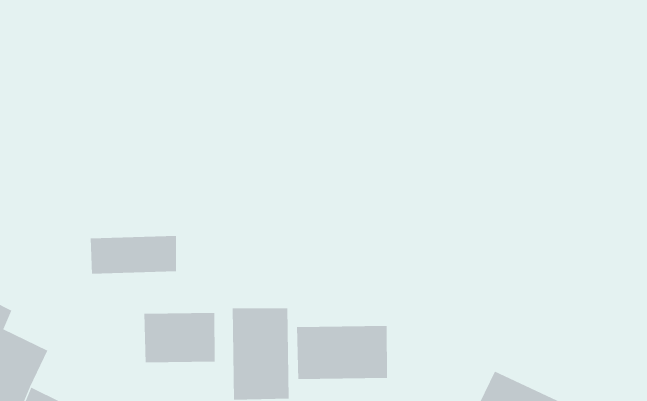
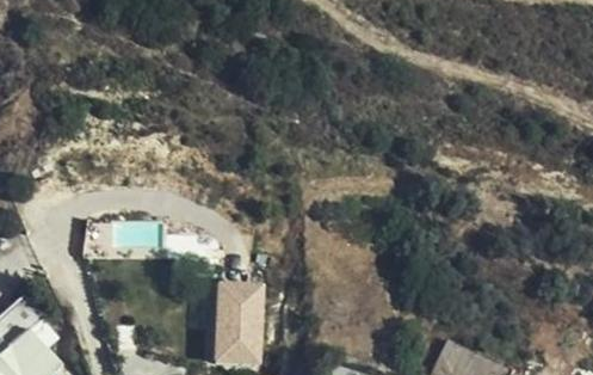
building: [144,312,215,363] -> none
building: [296,325,388,380] -> none

